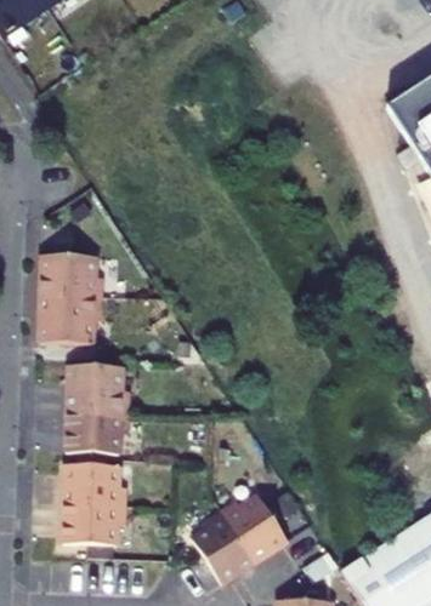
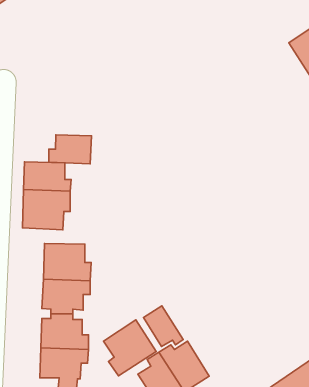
building: none -> [49,135,92,164]
building: none -> [143,306,183,347]
building: none -> [104,320,156,376]

